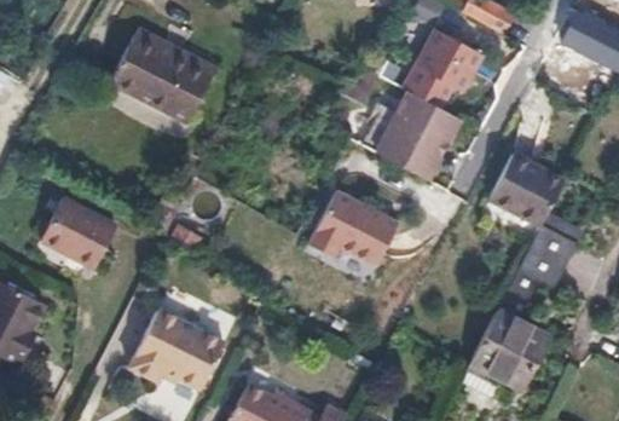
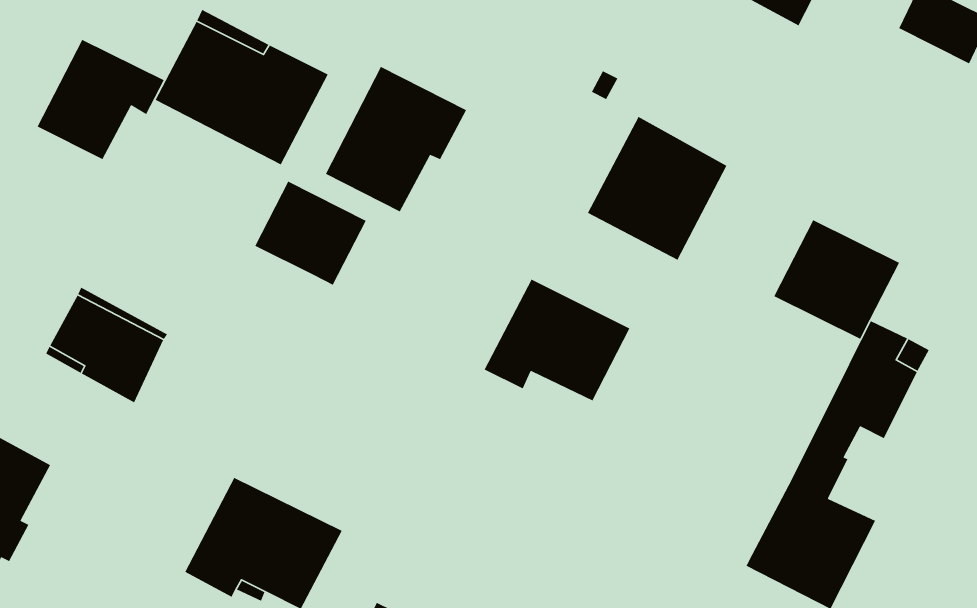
building: [415,28,480,90] -> none
building: none -> [36,39,165,160]
building: none -> [325,66,467,212]
building: none -> [254,181,367,286]

